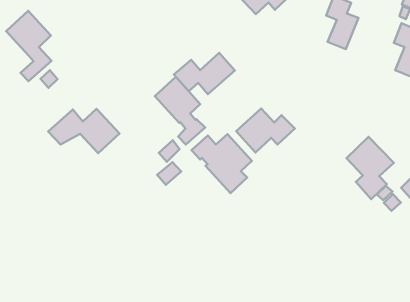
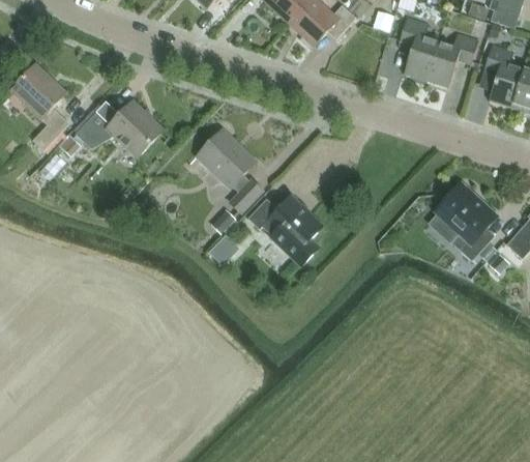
building: none -> [425,32,477,87]
building: [174,53,235,94] -> none
building: [236,109,295,153] -> none
building: [48,109,119,153] -> [75,102,161,155]

